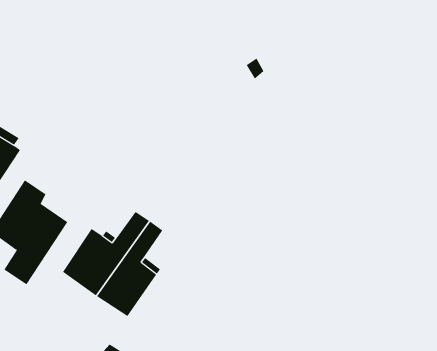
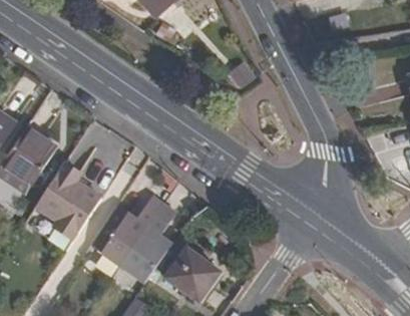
building: none -> [167,248,221,301]

